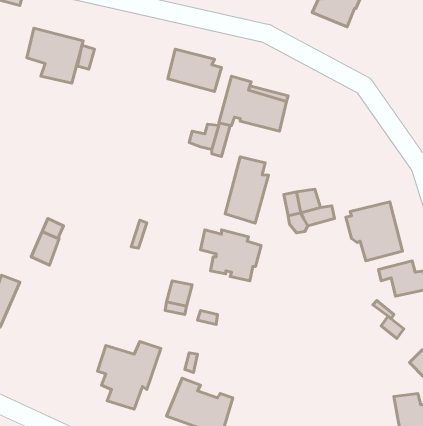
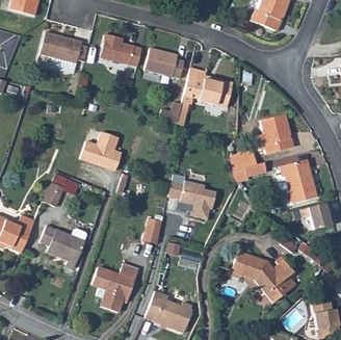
building: none -> [100,33,141,68]
building: none -> [256,114,291,153]
building: [225,157,269,223] -> none
building: none -> [81,132,122,171]
building: none -> [40,224,84,267]
building: none -> [231,250,295,303]

